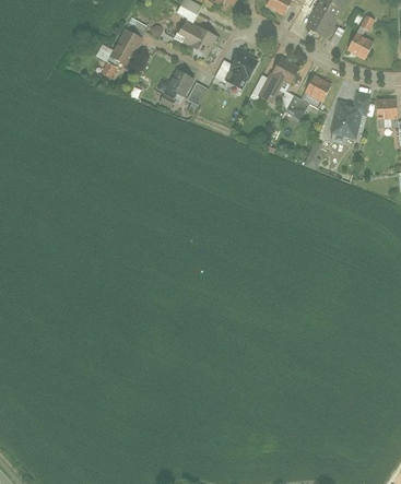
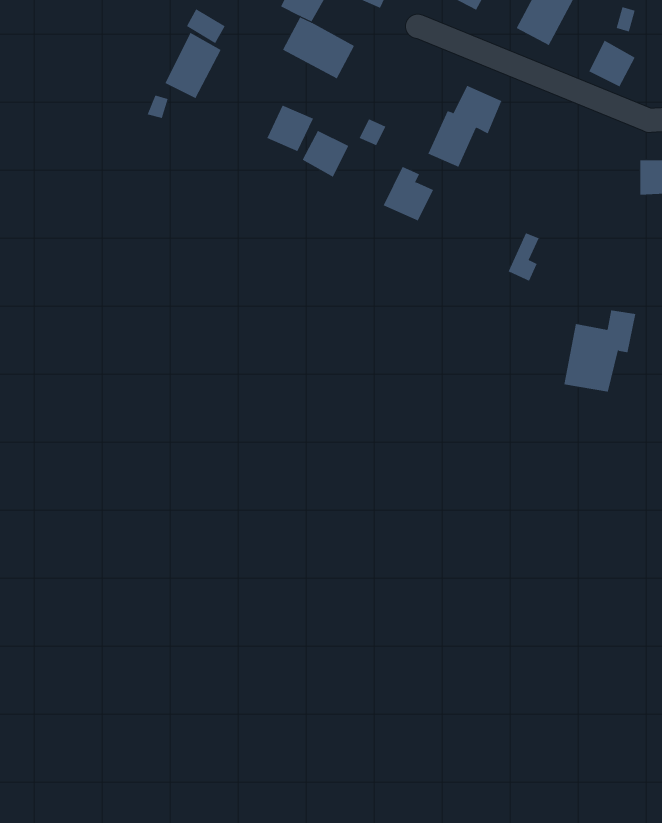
building: [228,48,257,79] -> [383,166,434,221]
building: [299,74,331,109] -> none
building: [329,93,369,139] -> [564,310,636,392]

